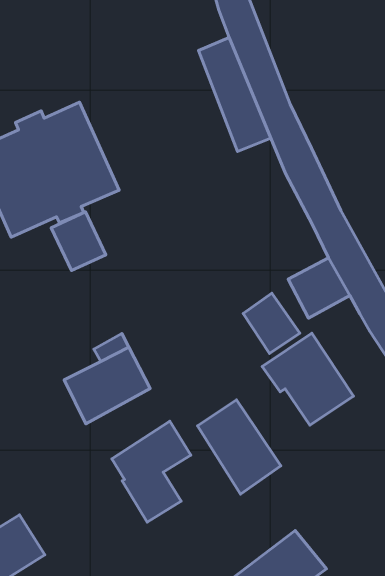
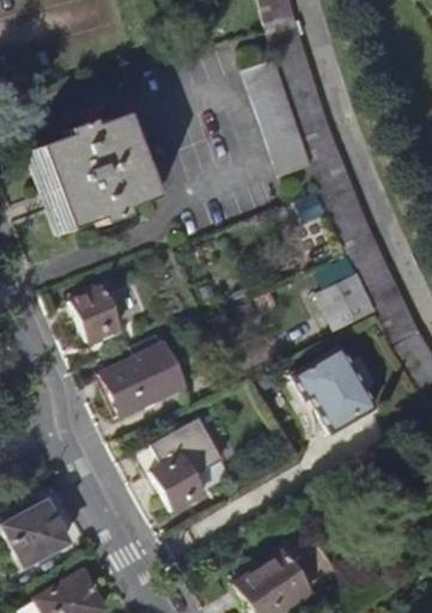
building: [51,212,106,271] -> [71,287,121,342]
building: [243,293,300,353] -> none
building: [198,400,281,494] -> none

